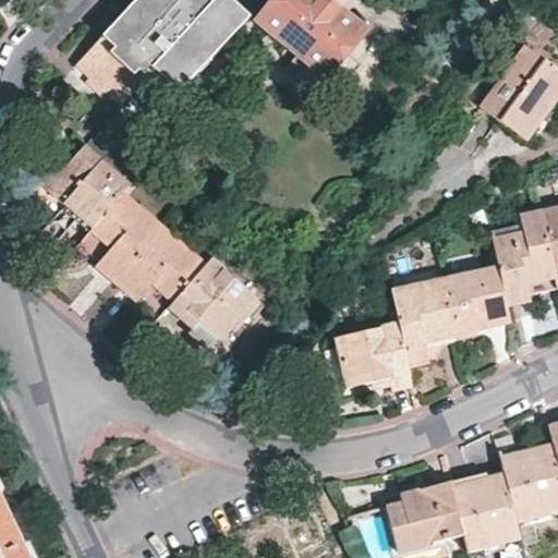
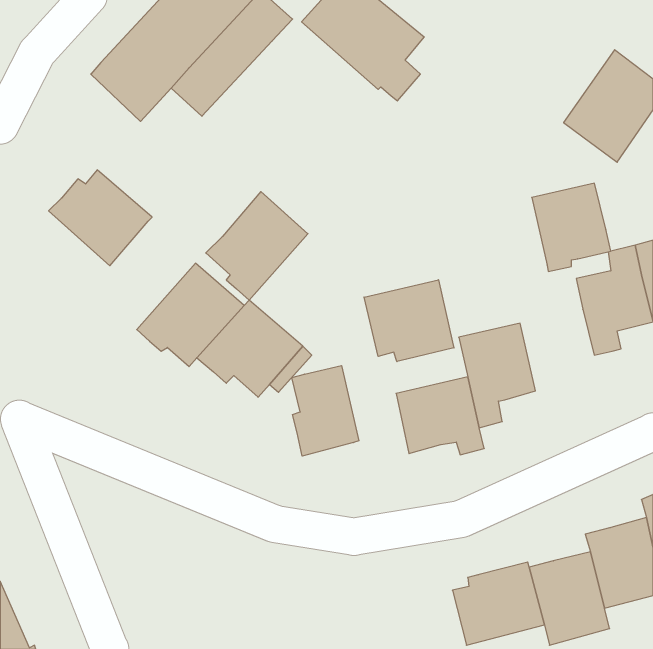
building: [80,189,167,281] -> [206,192,308,300]
building: none -> [364,280,454,362]
building: [444,264,511,339] -> [532,183,611,271]
building: none -> [292,366,359,456]

